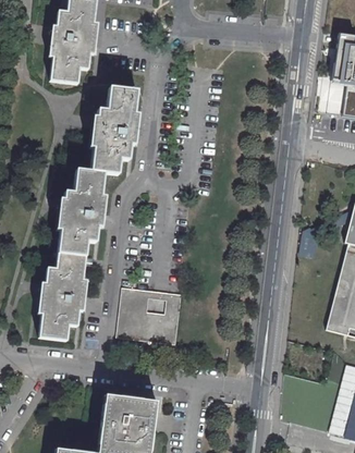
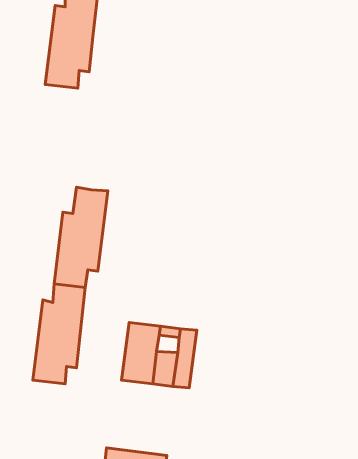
building: [90,87,137,174] -> none

